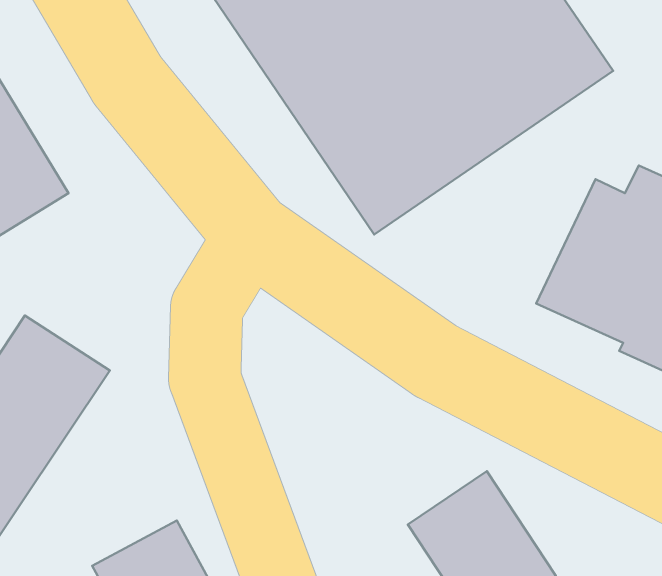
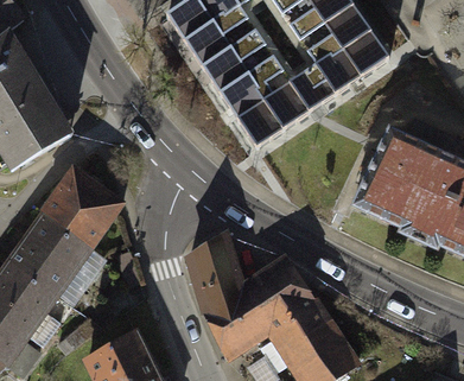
building: none -> [42,164,122,243]
building: none -> [189,236,317,360]

